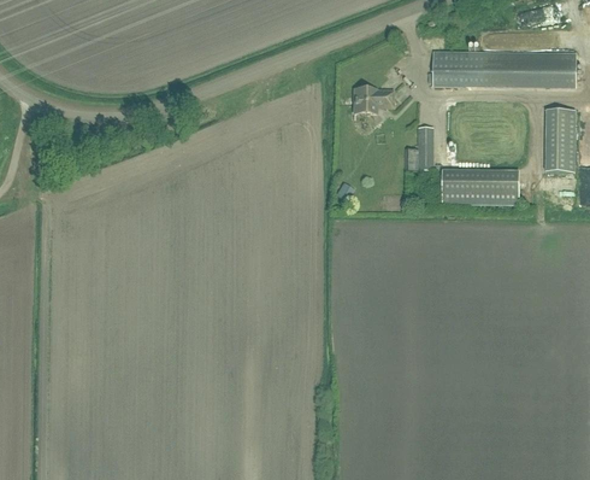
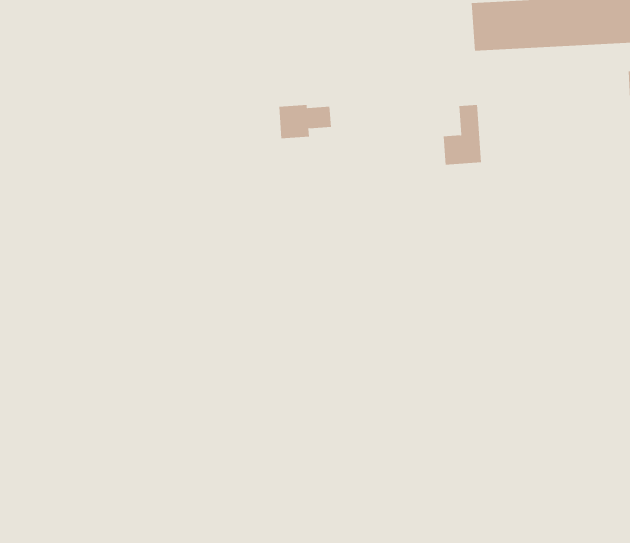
building: [354,87,393,111] -> [278,105,332,139]
building: [442,171,519,204] -> none

